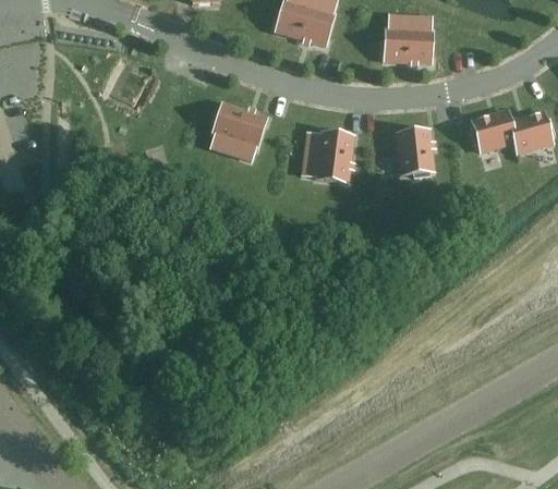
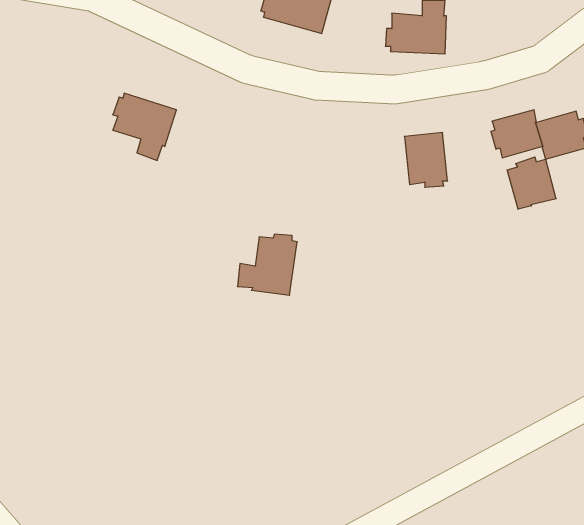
building: [211,102,266,160] -> [113,93,176,160]
building: [302,130,353,182] -> [237,234,297,295]
building: none -> [507,157,556,209]

